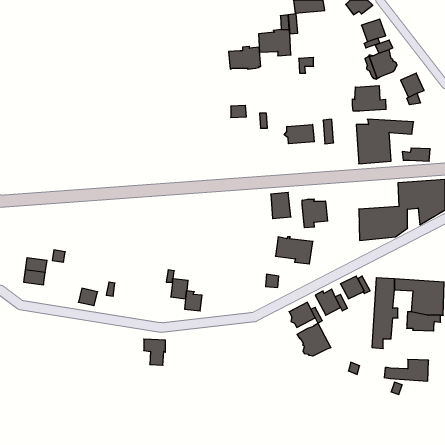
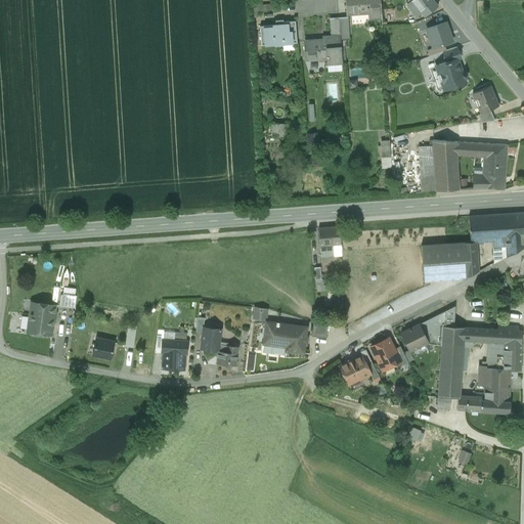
building: [229,46,261,69] -> [259,19,297,46]
building: [352,86,386,111] -> none
building: none -> [483,143,508,175]
building: [284,124,314,144] -> none
building: [302,199,327,228] -> none
building: [275,237,313,264] -> [263,321,307,353]
building: [297,323,331,356] -> none
building: [144,339,165,365] -> [162,340,187,370]
building: [384,359,429,381] -> [457,388,510,413]

